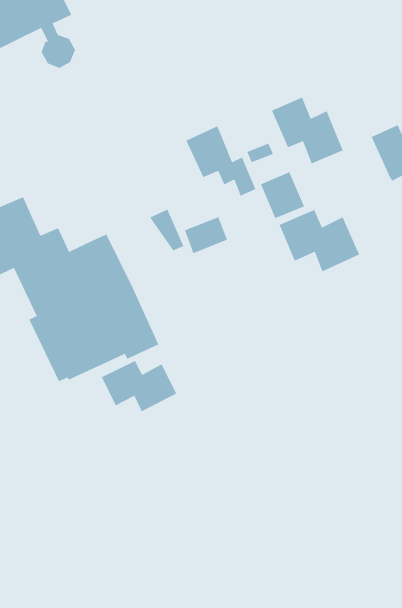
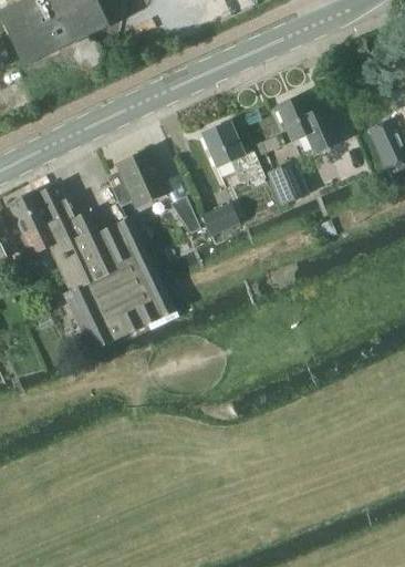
building: none -> [106,150,168,206]
building: [279,209,360,272] -> none
building: [101,360,177,412] -> none

